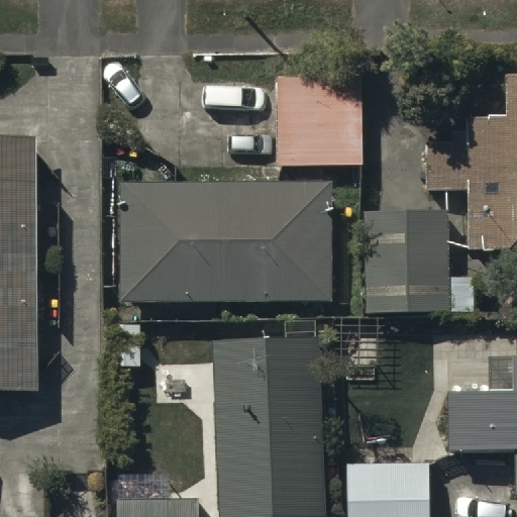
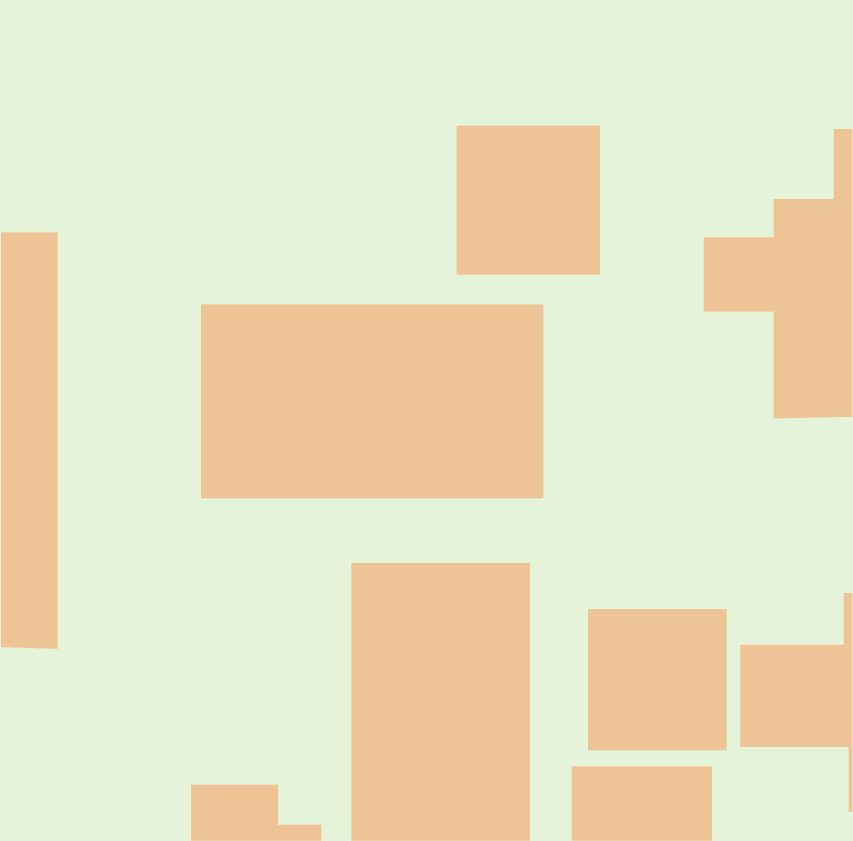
building: [365,210,473,311] -> none
building: none -> [588,608,727,751]

